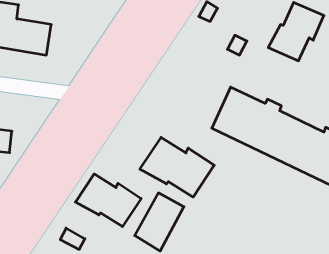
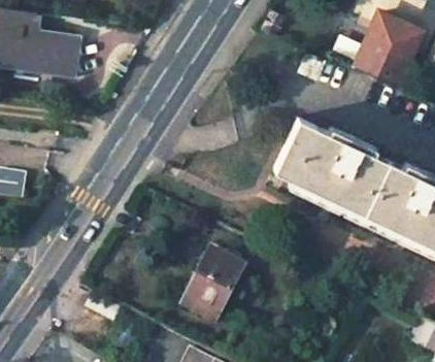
building: [140,137,214,197] -> none
building: [75,174,141,227] -> none

